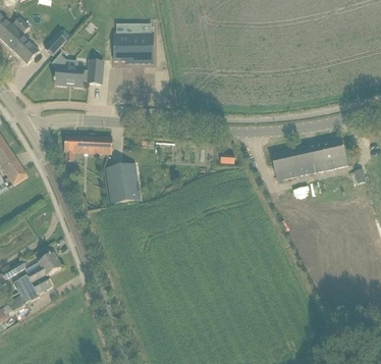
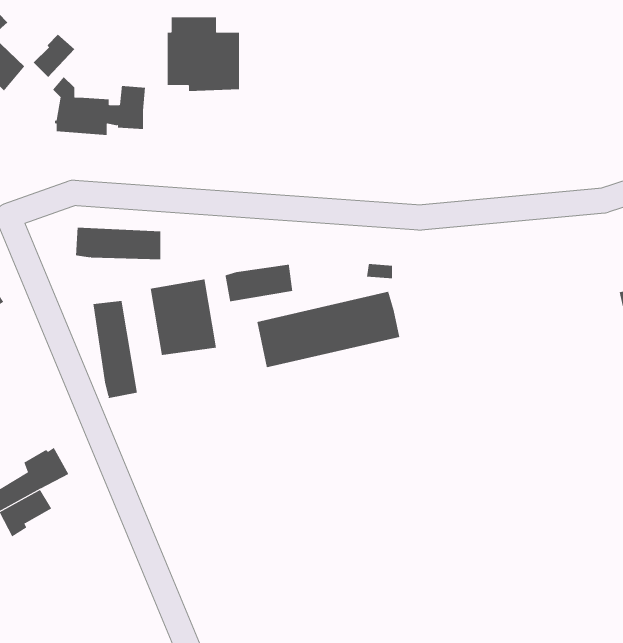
building: [270,139,346,179] -> [257,291,400,368]
building: none -> [225,264,293,302]
building: none -> [93,300,137,399]

